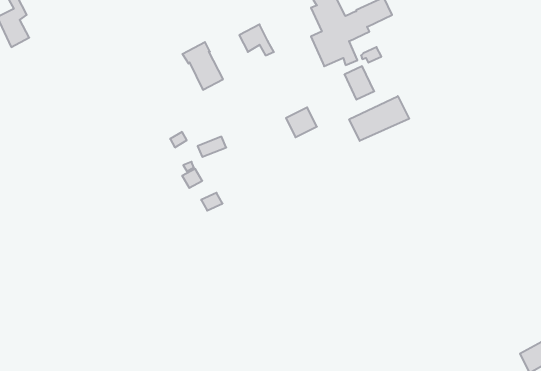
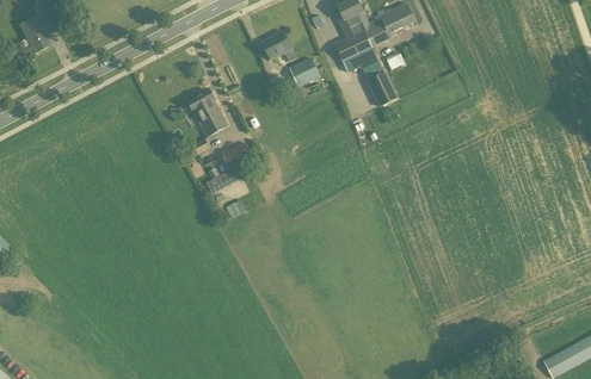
building: [182,42,223,90] -> [187,89,228,137]
building: [349,96,409,141] -> none
building: [286,107,317,137] -> [289,57,320,87]

